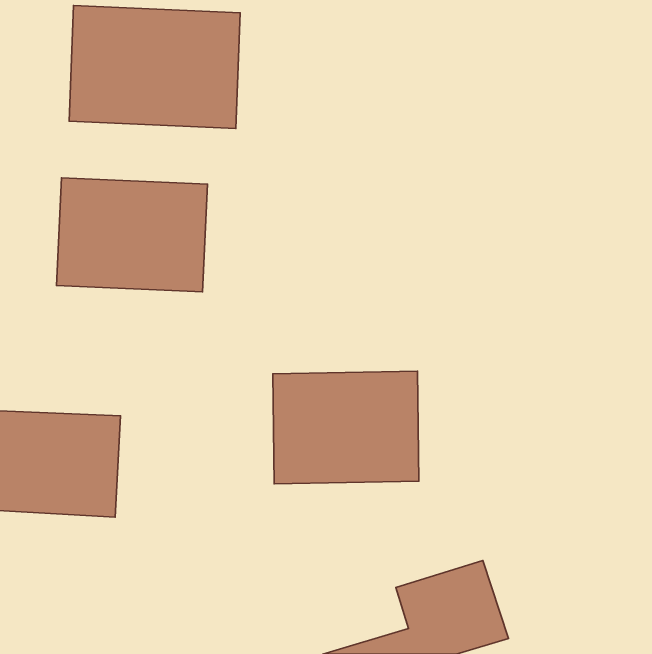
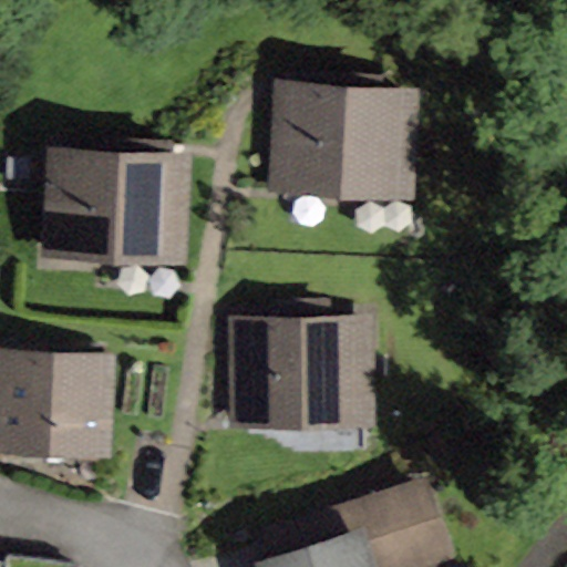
building: [69,6,240,129] -> none
building: none -> [276,87,409,189]

